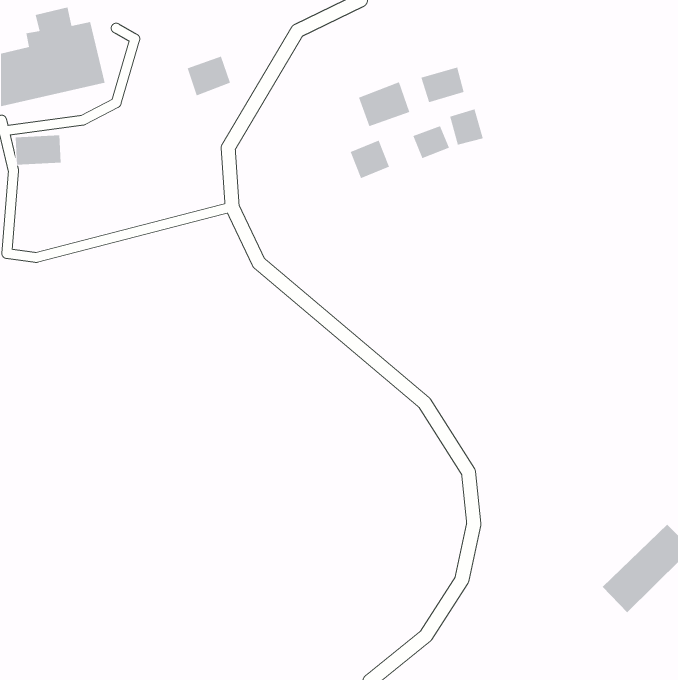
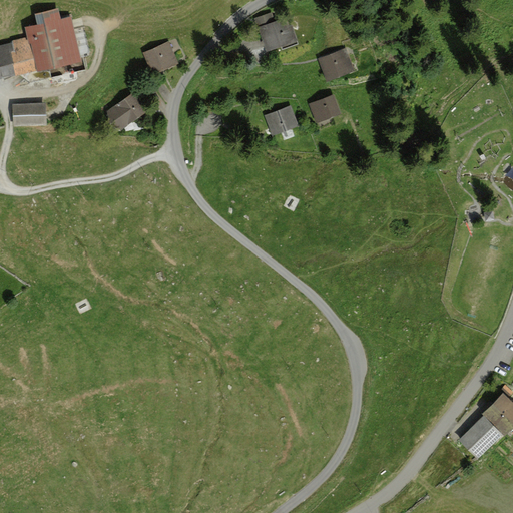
building: [358,82,410,127] -> [256,18,296,52]
building: [450,108,483,145] -> none
building: none -> [103,93,147,131]

